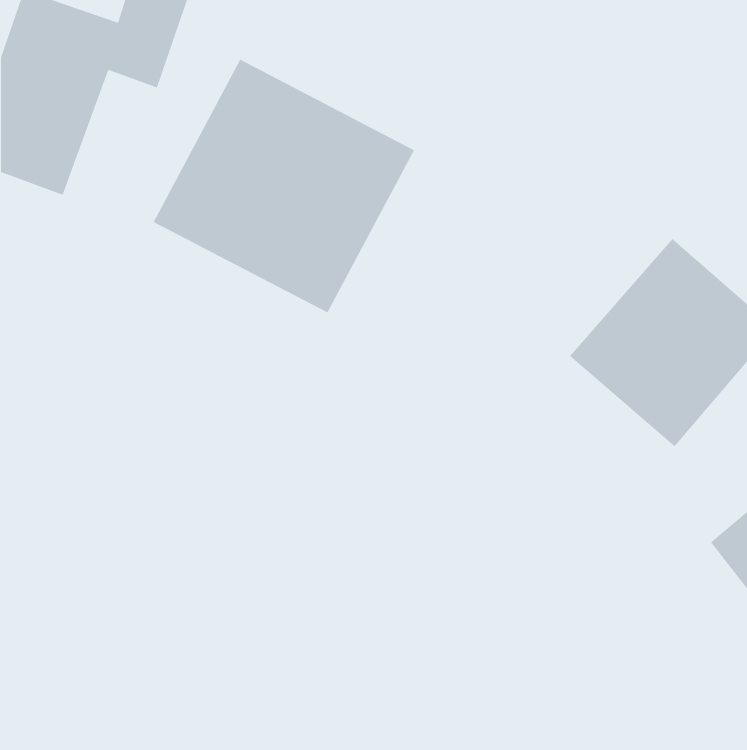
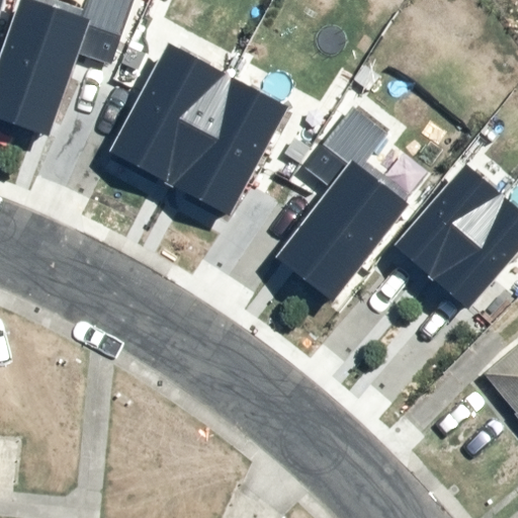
building: none -> [273,105,408,299]

